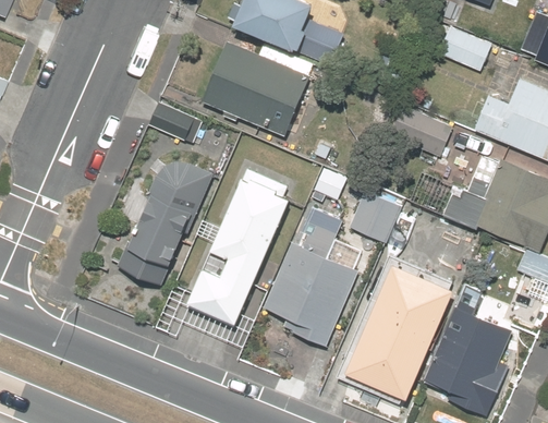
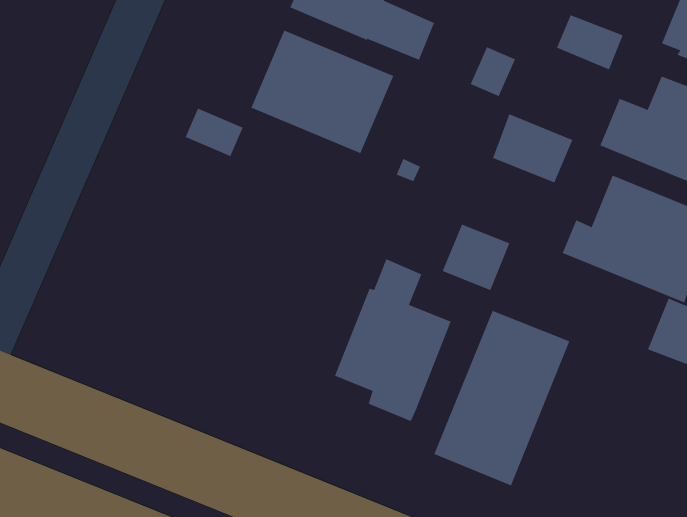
building: [120,165,212,285] -> none
building: [187,168,291,326] -> none
building: [425,306,509,416] -> none

